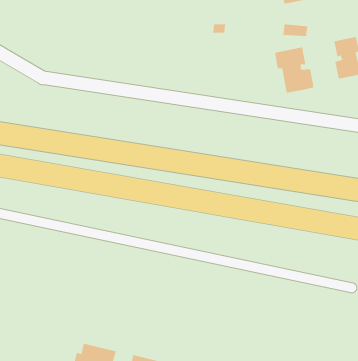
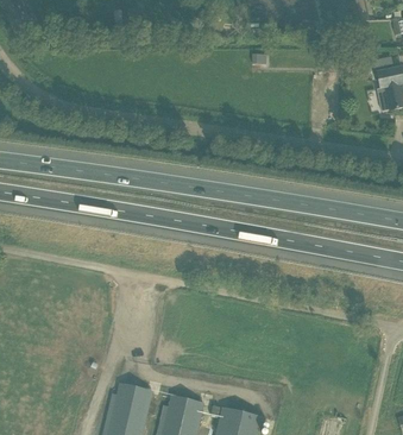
building: [275,46,314,93] -> none

